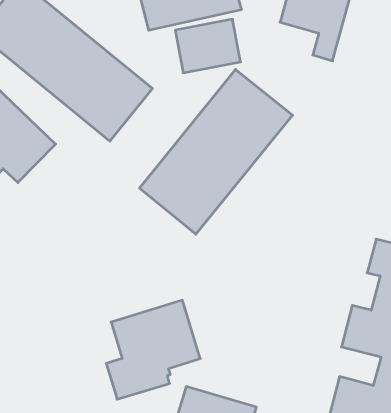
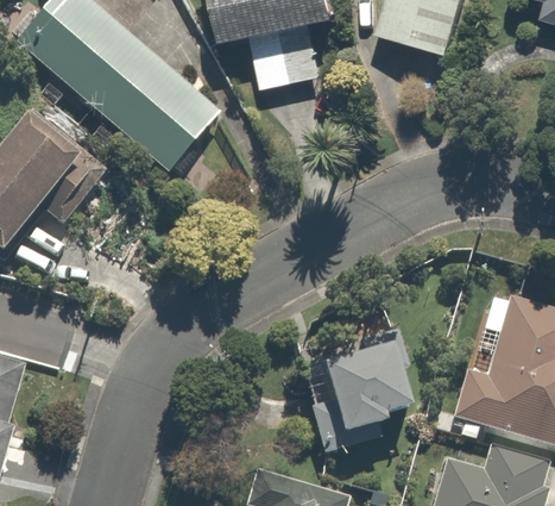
building: [140,69,293,234] -> none
building: [106,300,200,399] -> [304,330,417,449]

